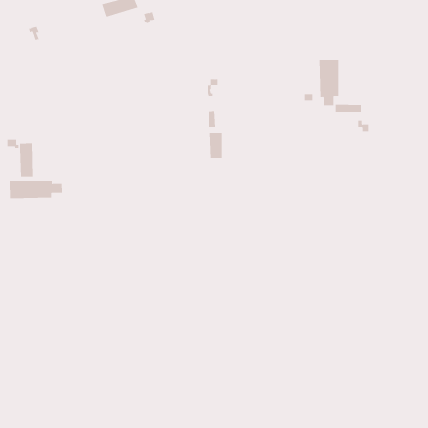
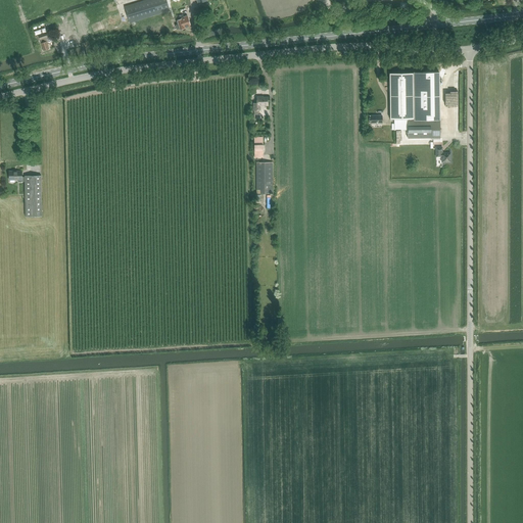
building: none -> [412,70,438,118]
building: [9,180,62,199] -> none

